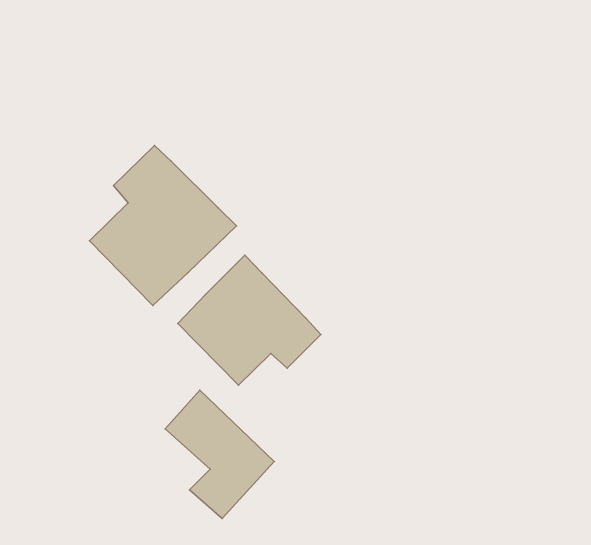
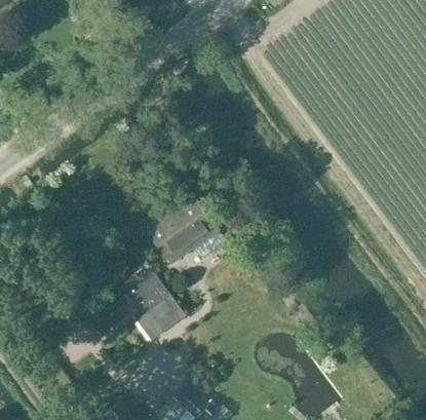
building: [90,145,236,305] -> none

